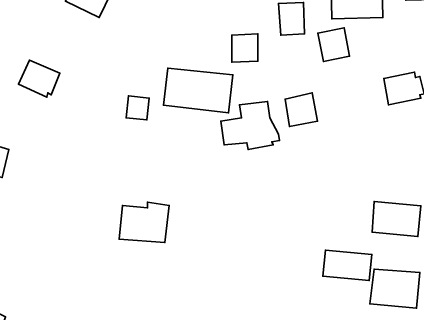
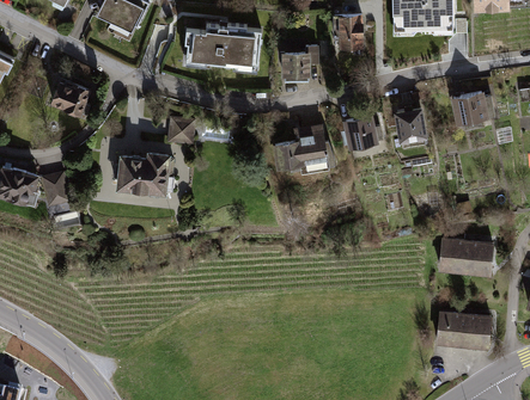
building: [318,28,350,61] -> [394,109,428,146]
building: [163,68,233,113] -> [181,21,257,70]
building: none -> [39,172,69,209]
building: [119,202,169,243] -> [115,153,170,197]
building: [323,250,372,280] -> none

